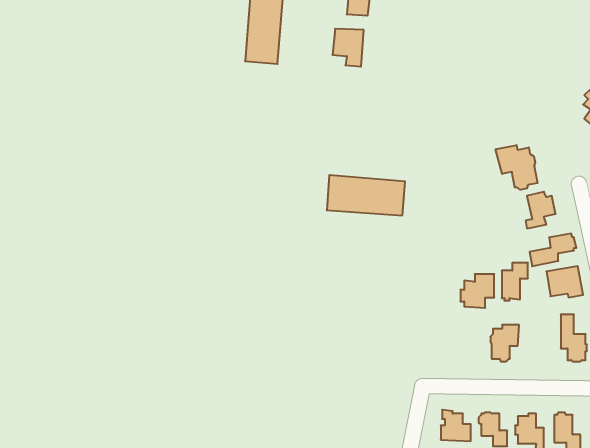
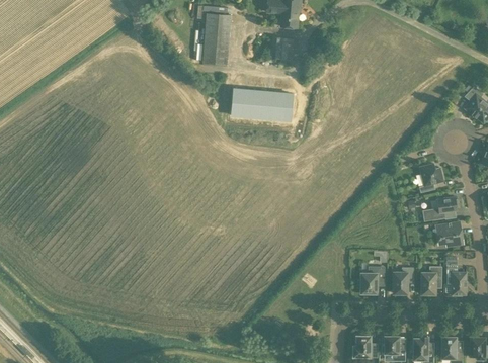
building: [496,145,538,190] -> none
building: [327,175,405,215] -> [228,89,289,120]
building: [502,263,528,301] -> [421,266,441,295]
building: [460,274,494,308] -> [357,267,384,293]

